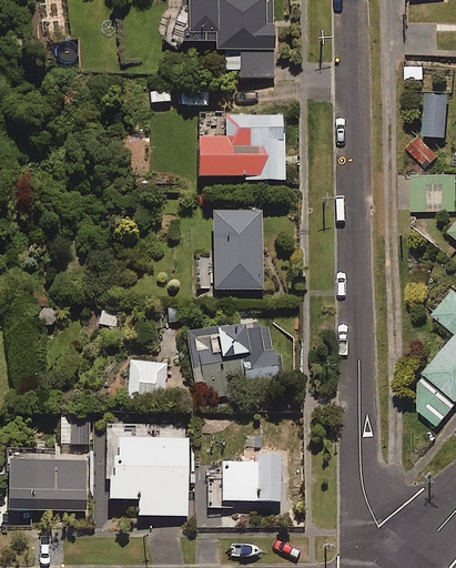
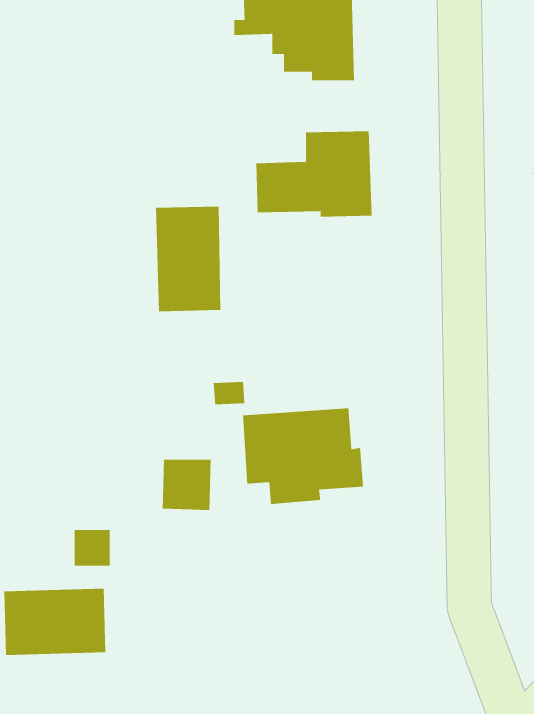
building: [213,210,263,290] -> [155,206,221,312]
building: [109,437,189,515] -> none
building: [221,460,280,500] -> none

